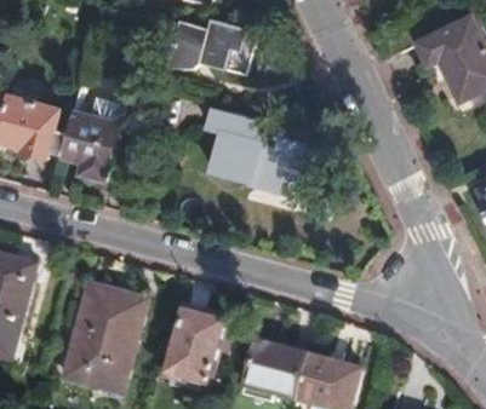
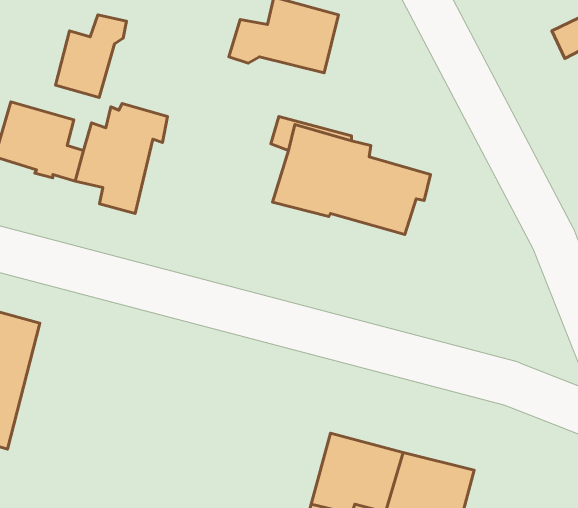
building: none -> [55,15,127,98]
building: [62,286,145,385] -> none
building: [162,310,227,386] -> none

